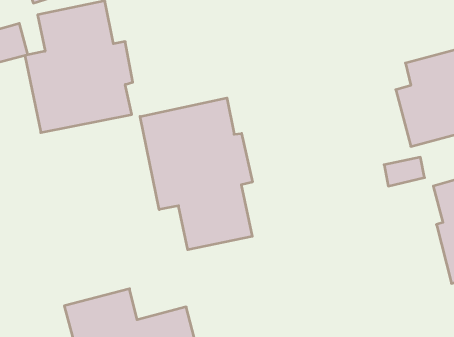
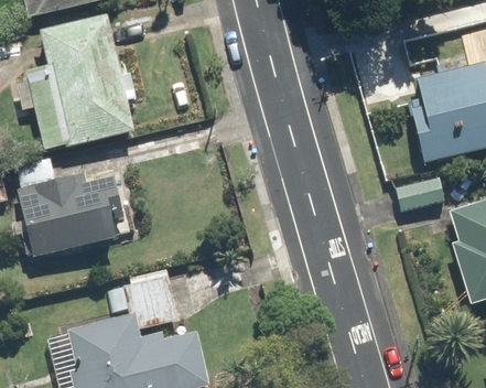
building: [140,98,252,250] -> none
building: none -> [17,171,126,257]

